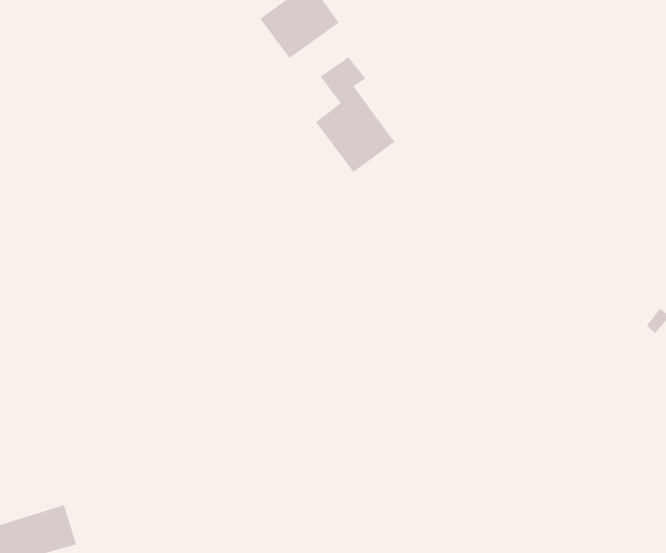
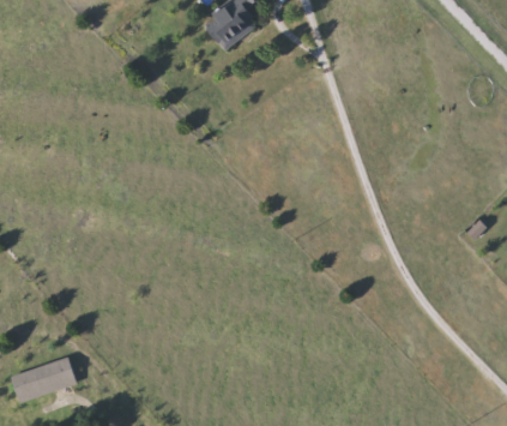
building: [315,57,395,173] -> none

